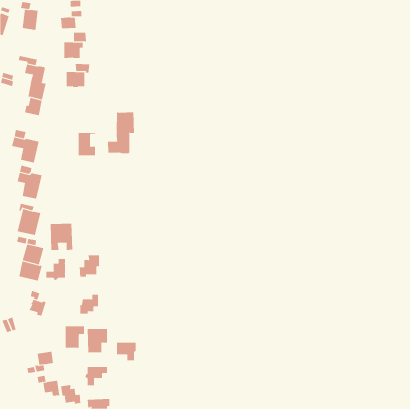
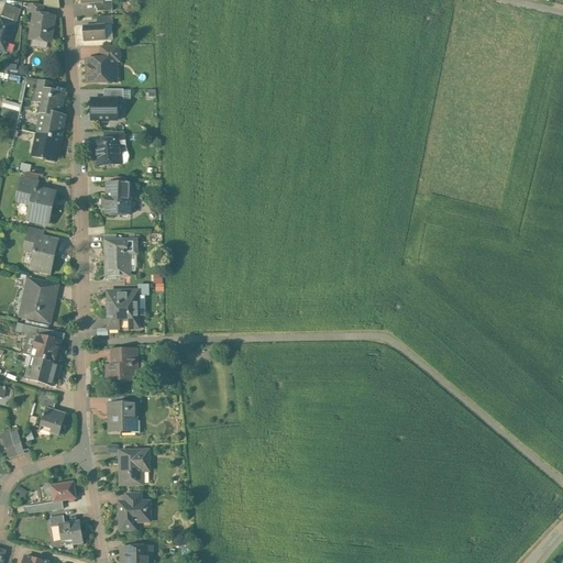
building: none -> [95,137,120,164]
building: [107,111,134,155] -> none
building: none -> [107,240,136,276]
building: [50,223,73,250] -> [107,290,139,328]
building: [46,258,65,281] -> none
building: [65,325,84,348] -> none
building: [116,342,136,361] -> none
building: [61,384,81,404] -> none

